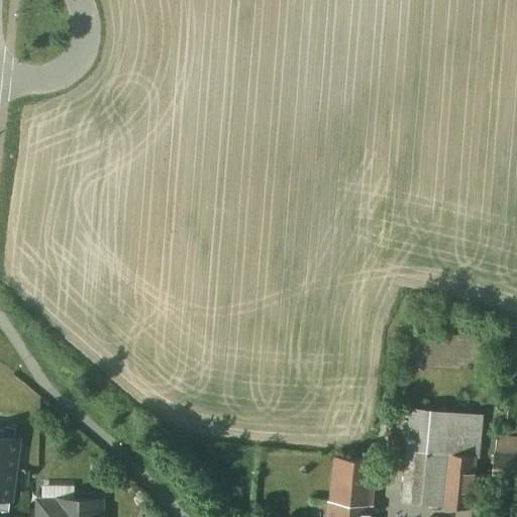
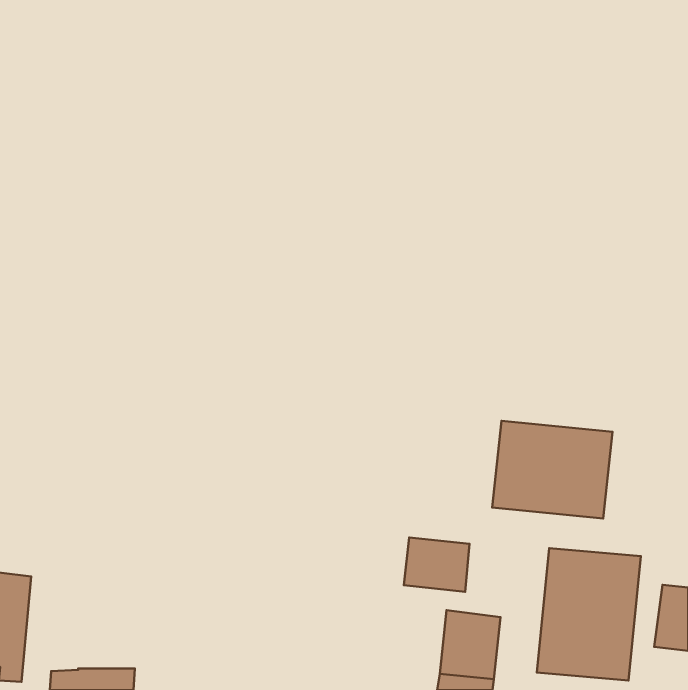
building: none -> [492,421,613,518]
building: none -> [404,538,469,592]

